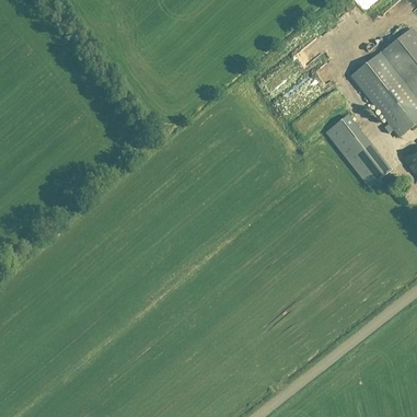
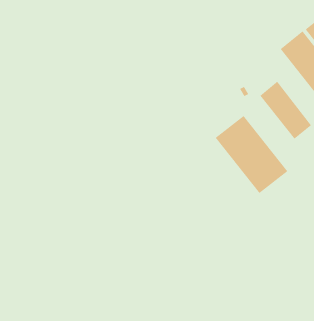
building: none -> [215,115,288,194]

